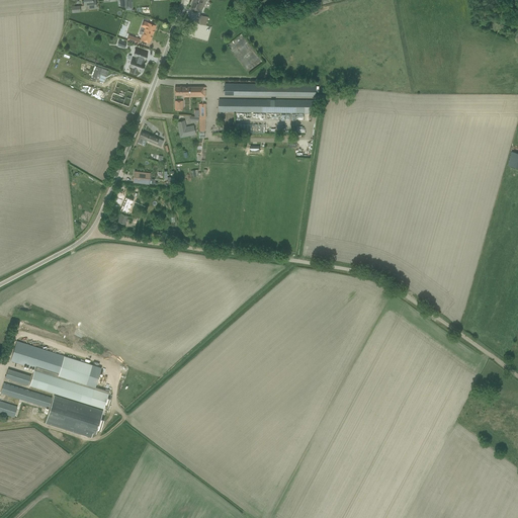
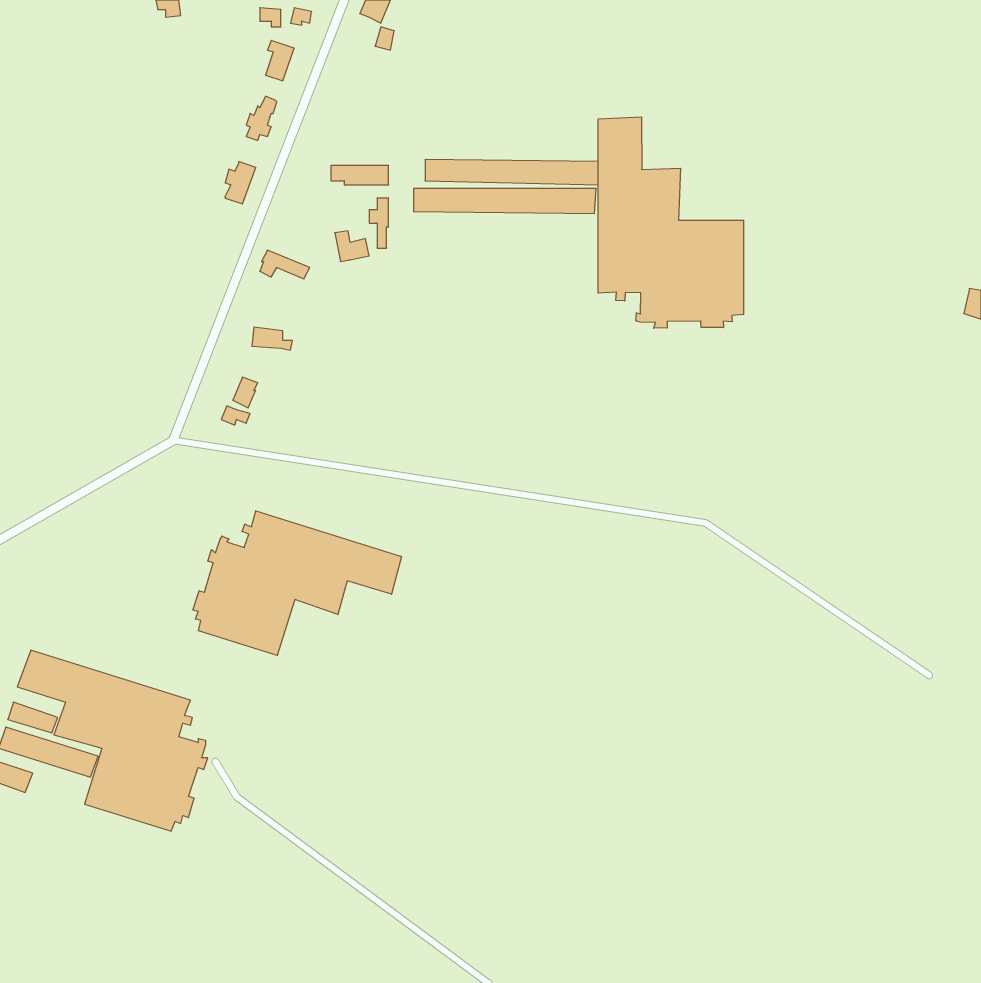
building: none -> [598,117,744,328]
building: none -> [193,511,401,656]

